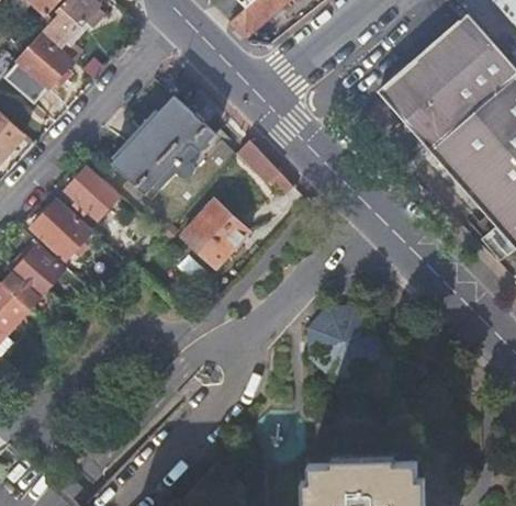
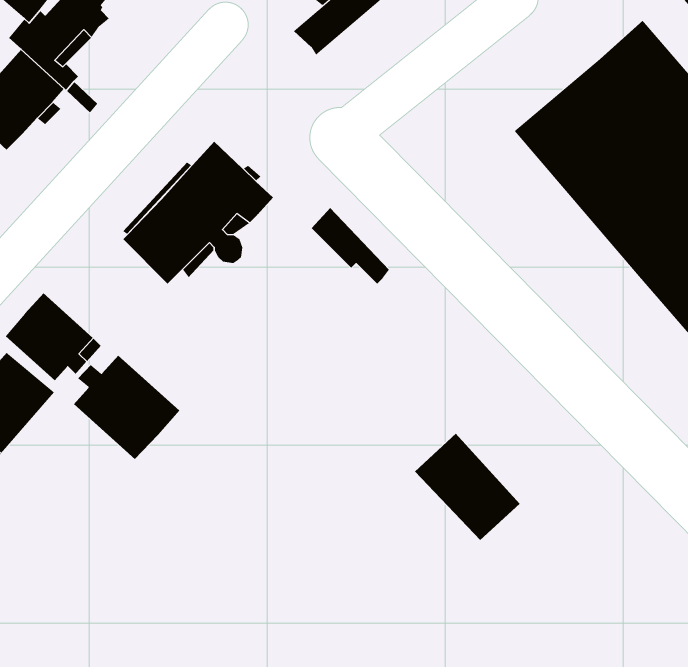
building: [66,167,120,220] -> none
building: [182,201,248,267] -> none
building: none -> [73,355,180,460]

